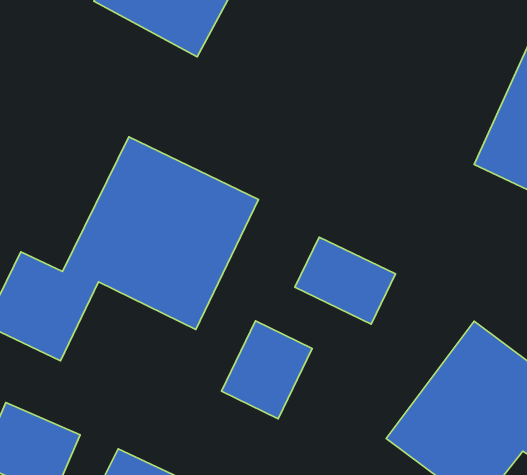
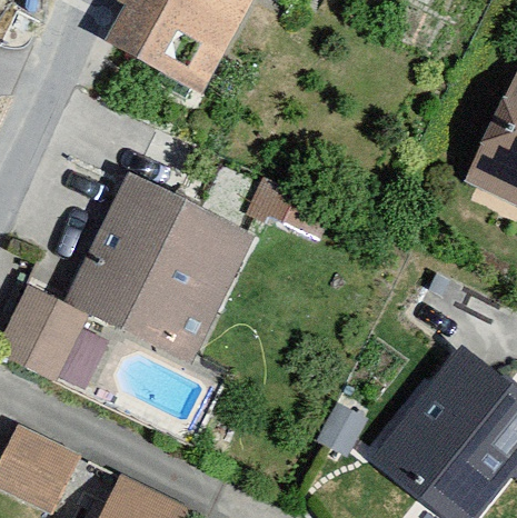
building: [295,237,395,324] -> none
building: [222,321,312,419] -> none

